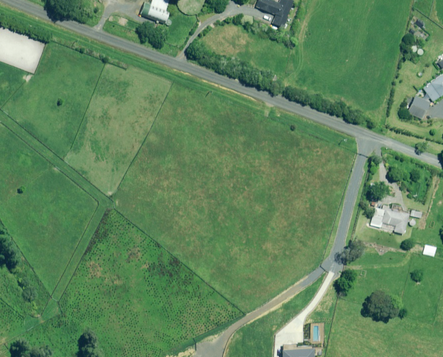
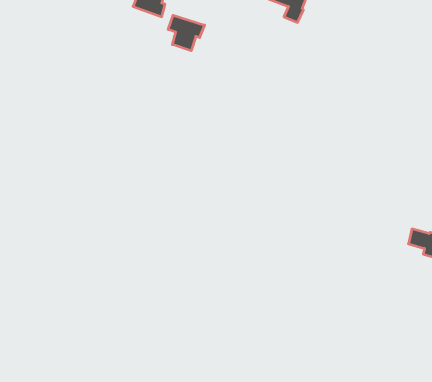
building: none -> [168,15,205,51]

